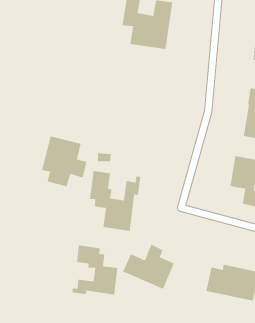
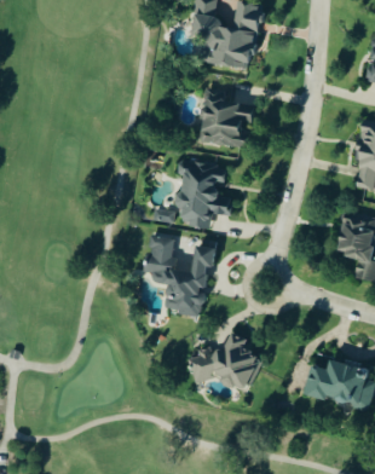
building: none -> [198,94,254,146]
building: [41,136,88,187] -> [172,158,235,229]
building: [71,244,118,296] -> none

